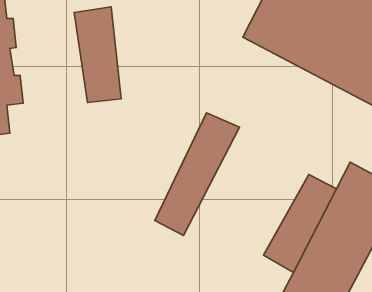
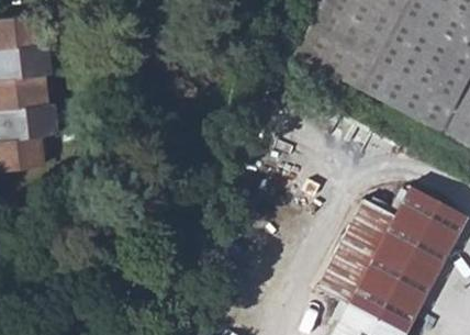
building: [74,7,121,103] -> none
building: [155,113,239,235] -> none

